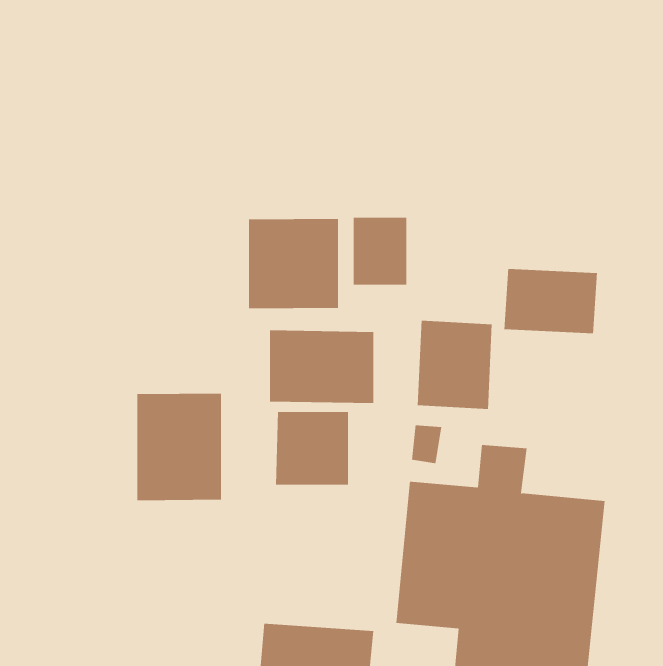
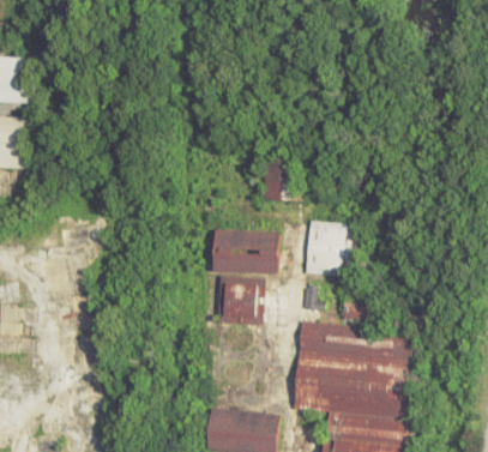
building: [248,218,339,309] -> none
building: [504,268,598,334] -> none
building: [137,393,222,501] -> none

